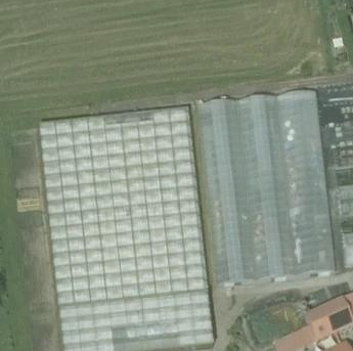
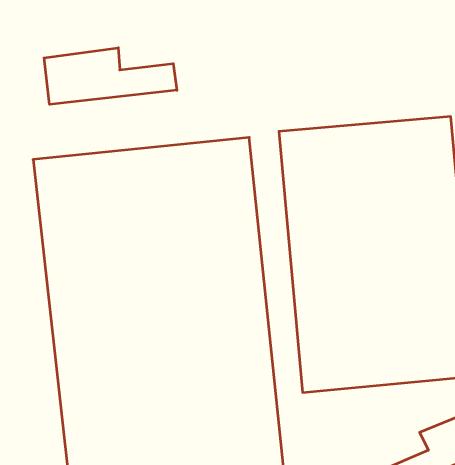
building: none -> [44,48,177,104]

